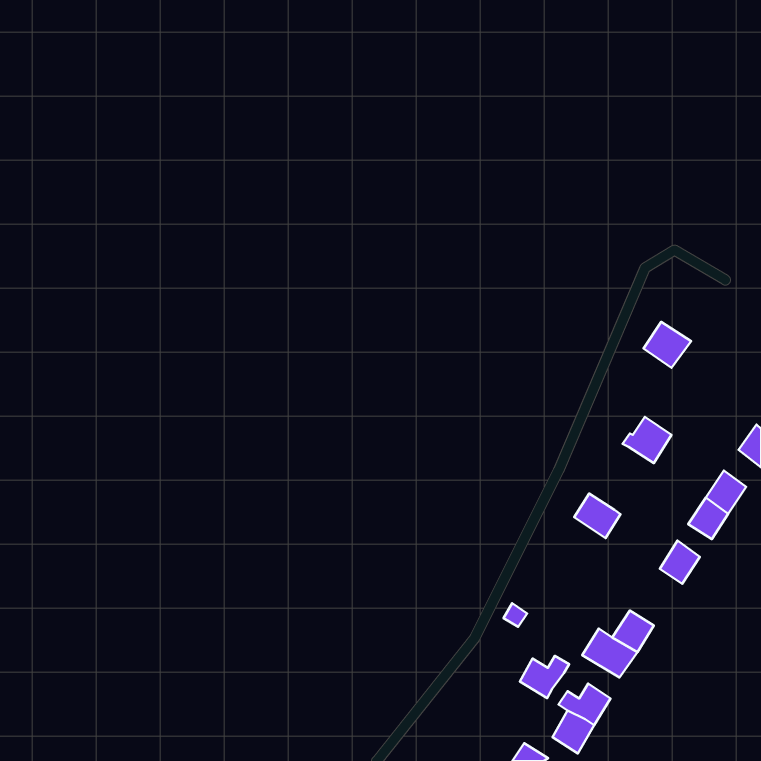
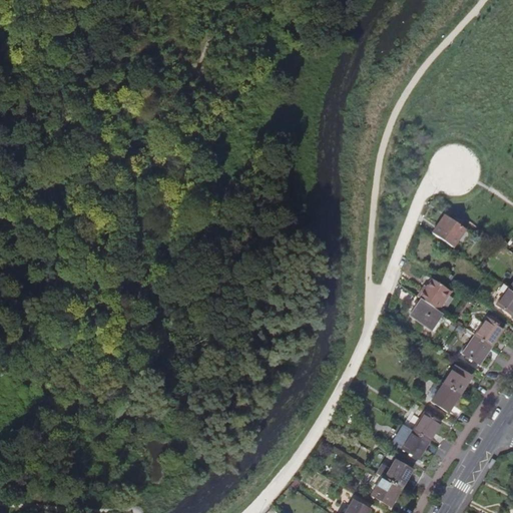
building: [574,493,620,538] -> [413,301,444,331]
building: none -> [432,383,459,410]
building: [520,656,569,698] -> none

